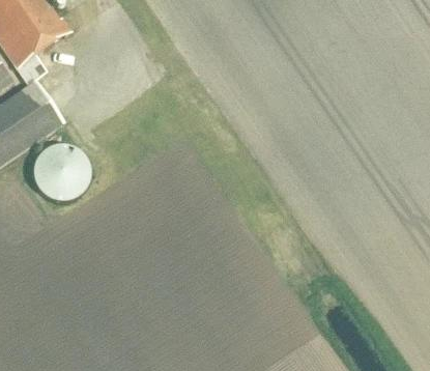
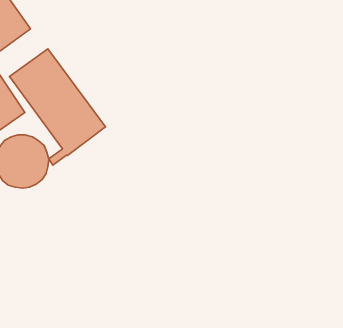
building: none -> [9,49,105,165]

